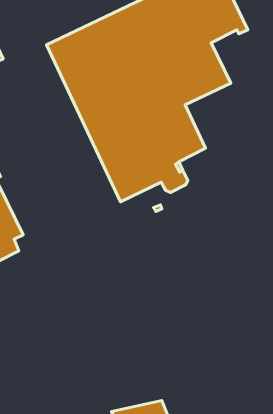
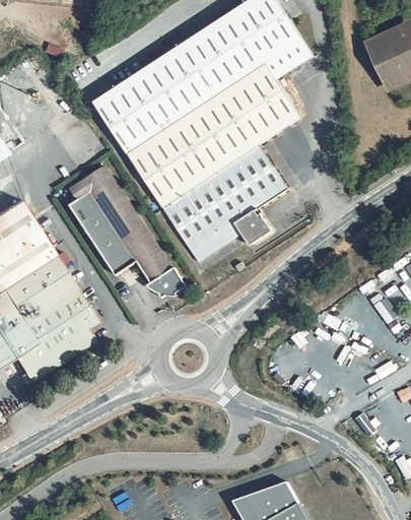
building: none -> [66,170,190,302]

